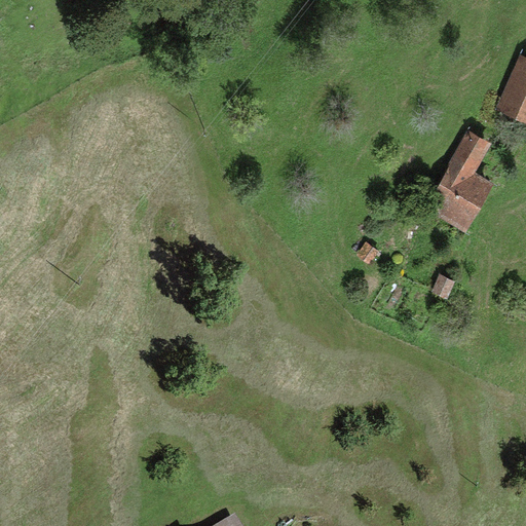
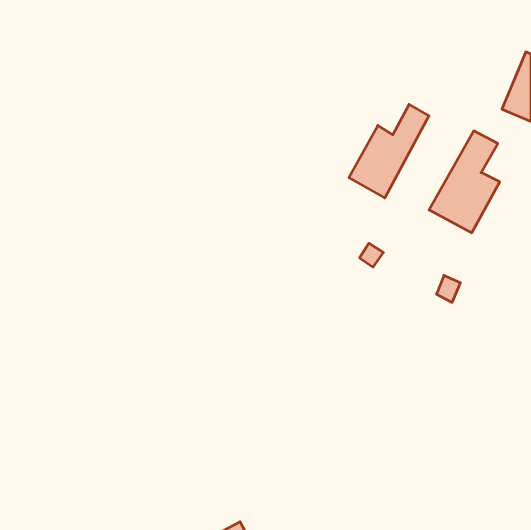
building: none -> [349,104,429,198]

